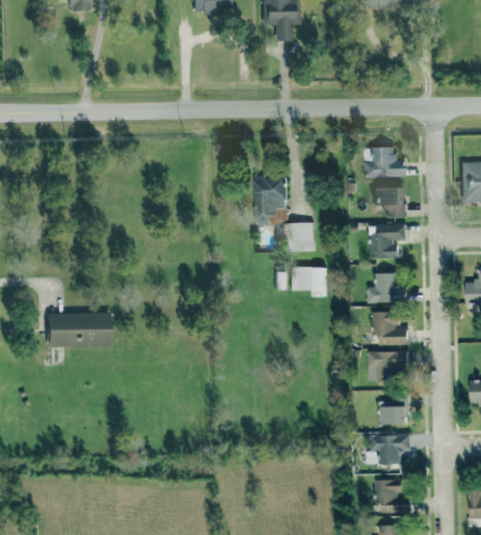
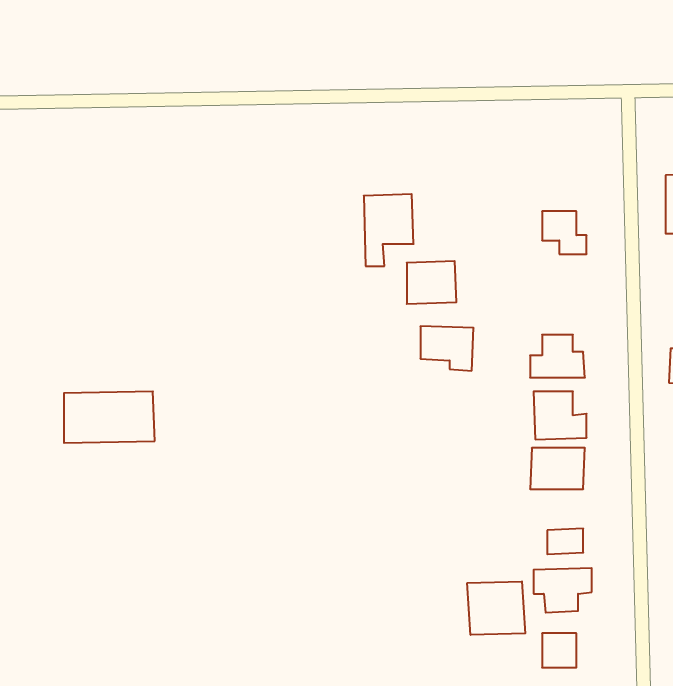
building: [365,147,406,177] -> none
building: [377,224,408,257] -> none
building: none -> [467,581,525,635]

